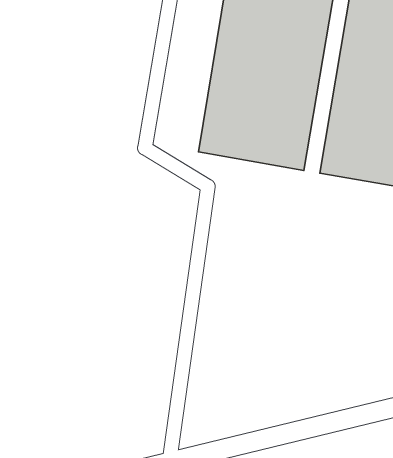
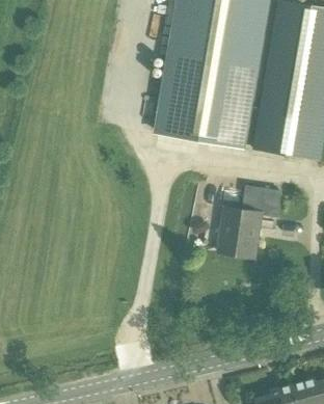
building: none -> [213,187,280,259]

